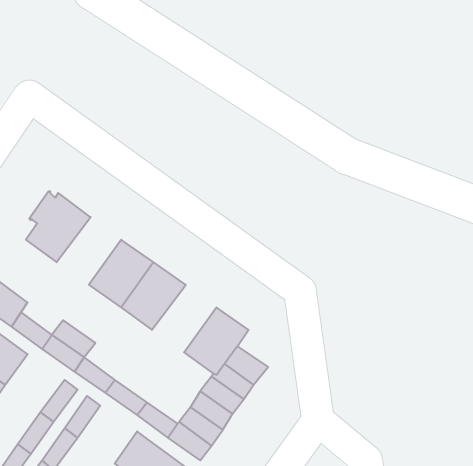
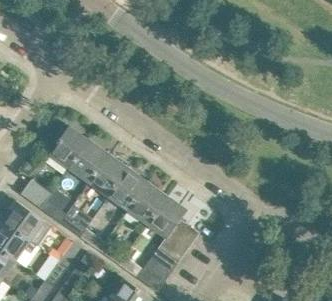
building: none -> [67,140,107,182]
building: none -> [126,182,166,224]

